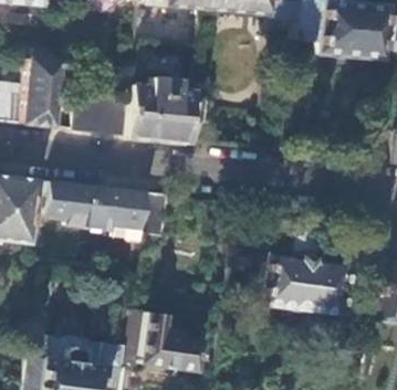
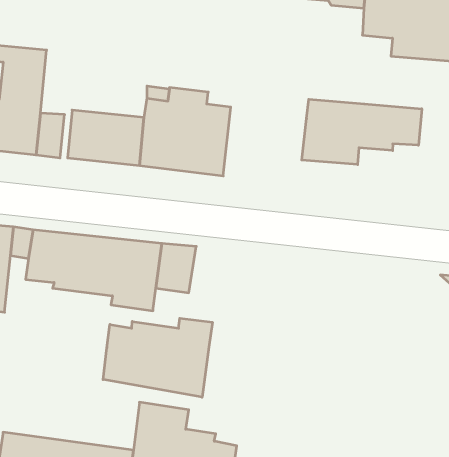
building: none -> [302,99,422,165]
building: [263,229,347,316] -> none
building: none -> [103,318,212,397]

